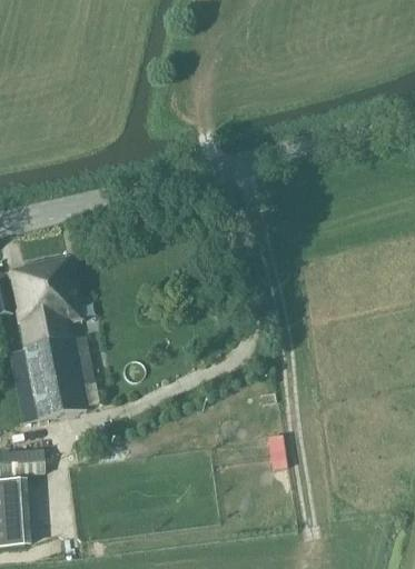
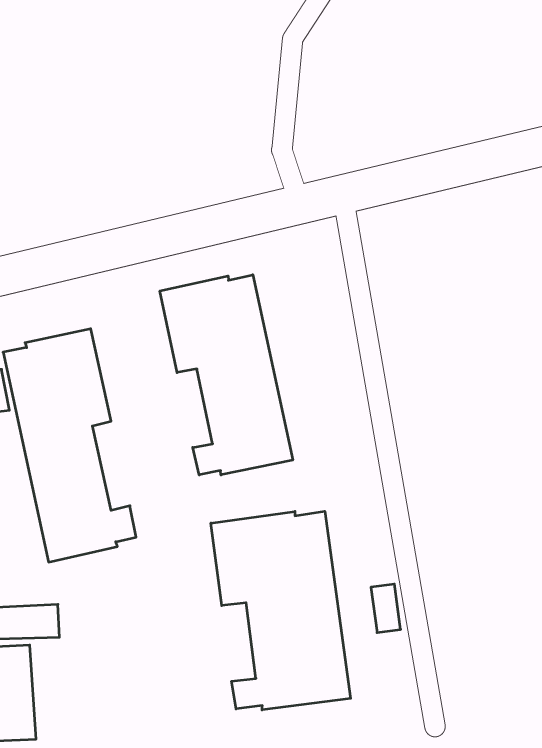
building: none -> [160,275,293,475]
building: none -> [211,511,351,710]

